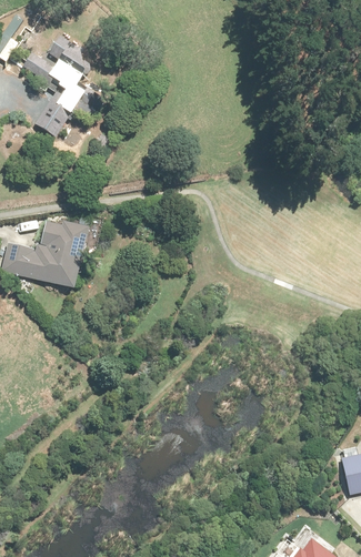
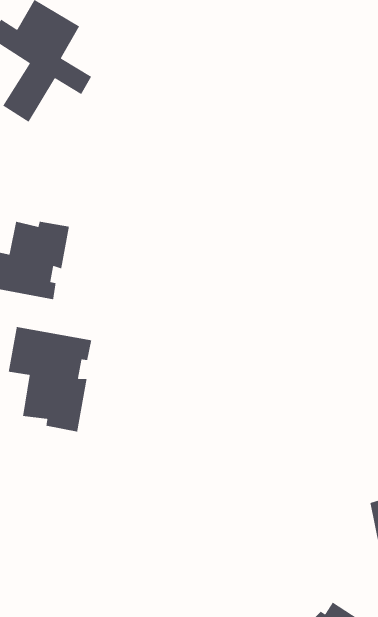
building: none -> [8,326,92,432]

